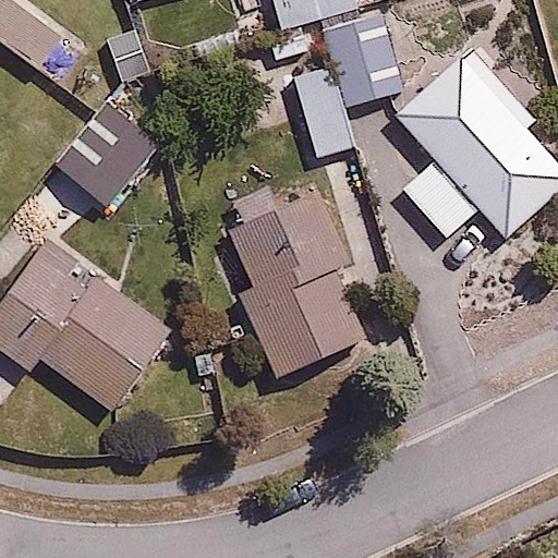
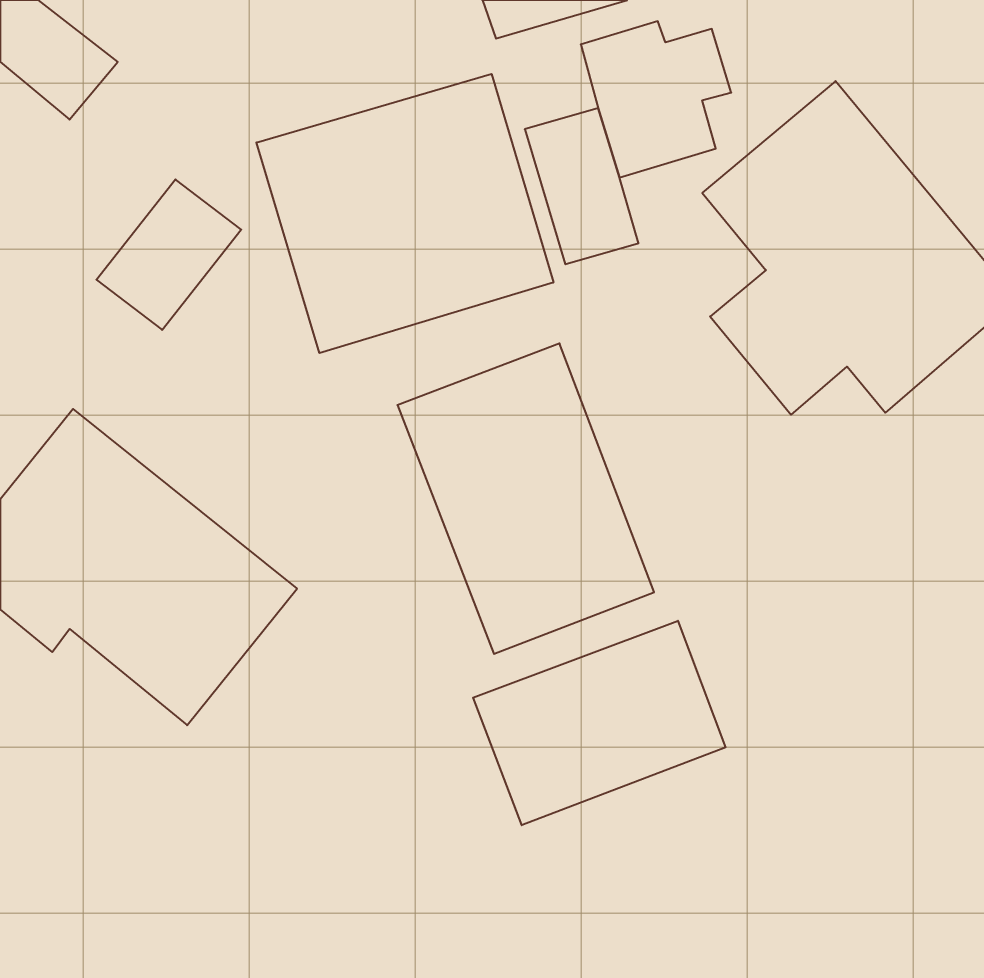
building: none -> [256,74,553,353]
building: none -> [473,621,726,825]

